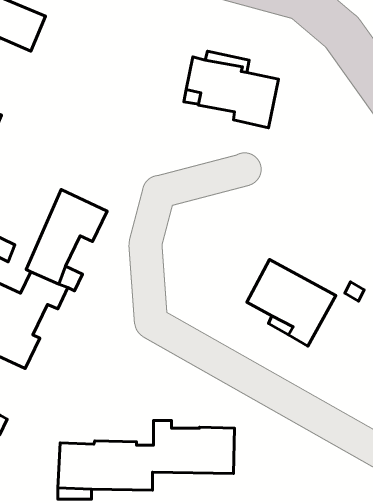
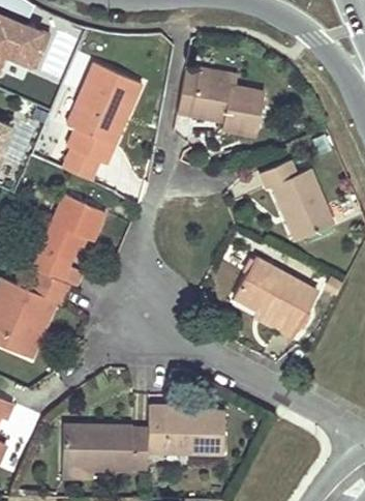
building: none -> [63,63,141,181]
building: none -> [263,161,333,240]

